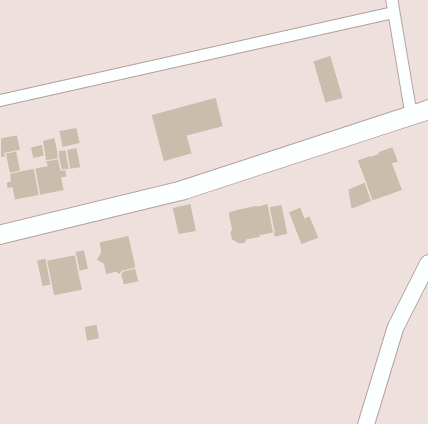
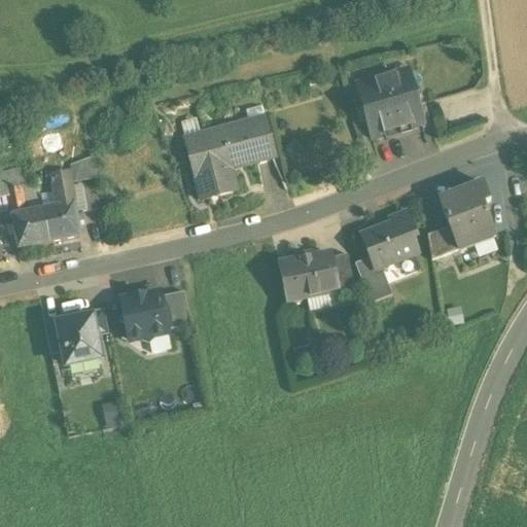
building: none -> [356,75,399,135]
building: none -> [361,209,417,268]
building: [172,204,197,235] -> [160,288,190,326]

